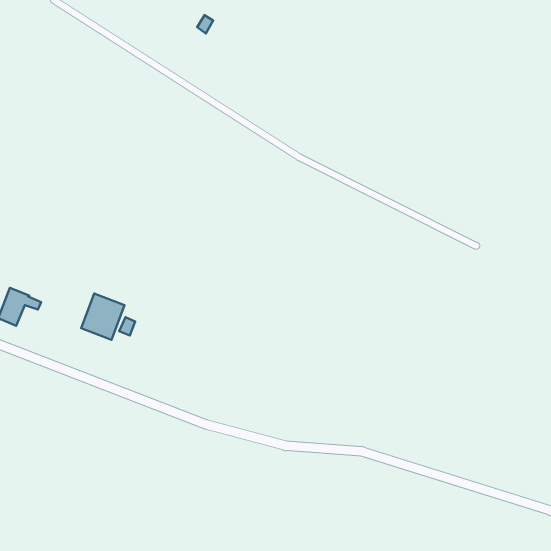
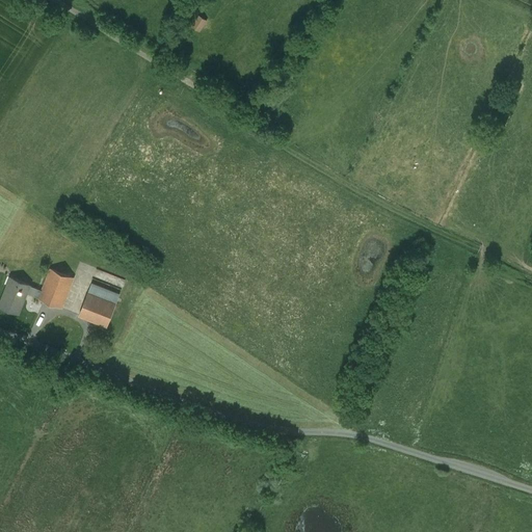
building: none -> [36,270,72,310]

